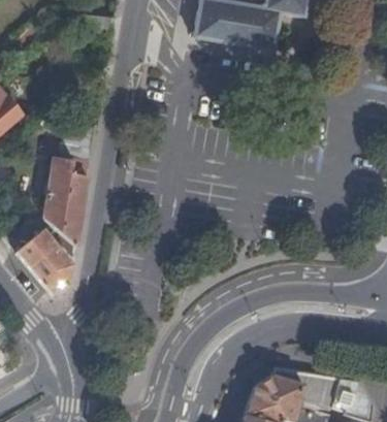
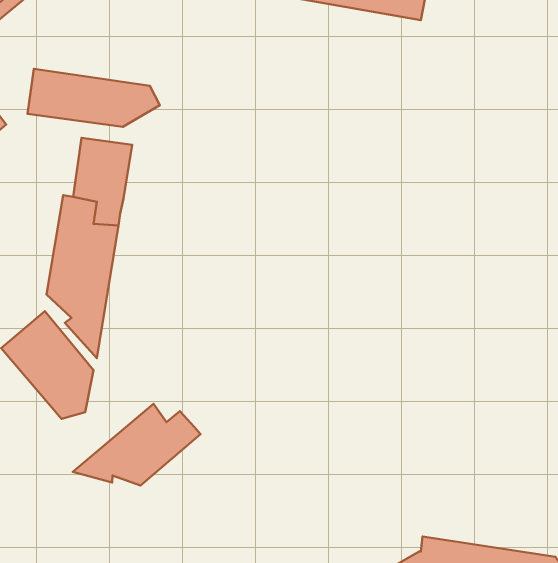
building: none -> [27,69,160,127]
building: none -> [73,404,201,485]

